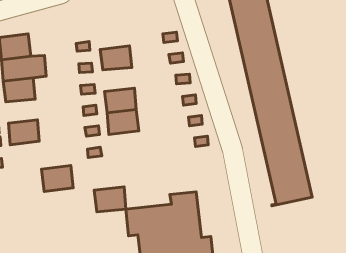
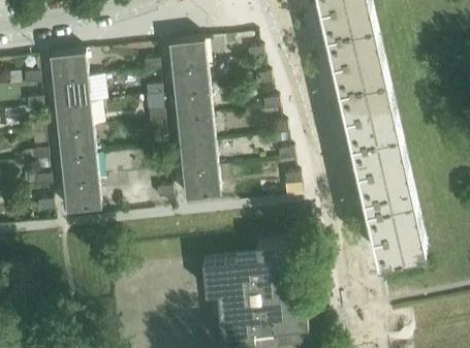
building: none -> [167,40,206,71]
building: none -> [174,93,212,122]
building: none -> [57,131,95,160]
building: [42,166,73,191] -> [62,182,100,213]
building: [94,187,126,212] -> [181,169,219,199]

